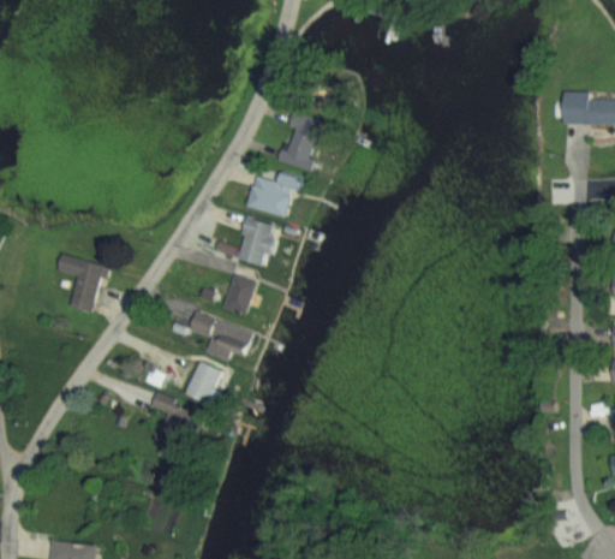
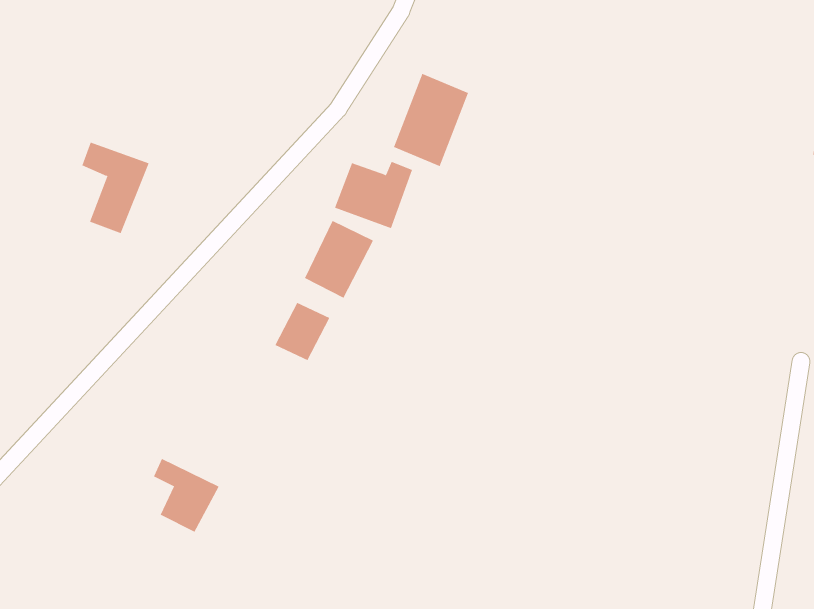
building: [58,254,103,313] -> [81,142,149,234]
building: [189,311,255,359] -> none
building: [183,361,221,404] -> none

